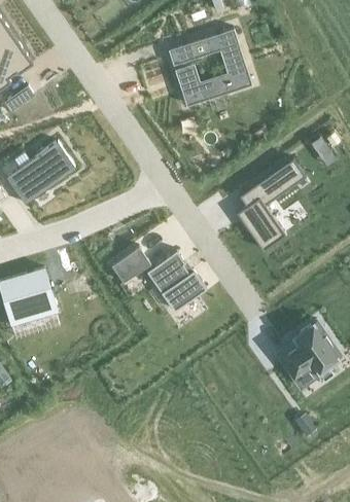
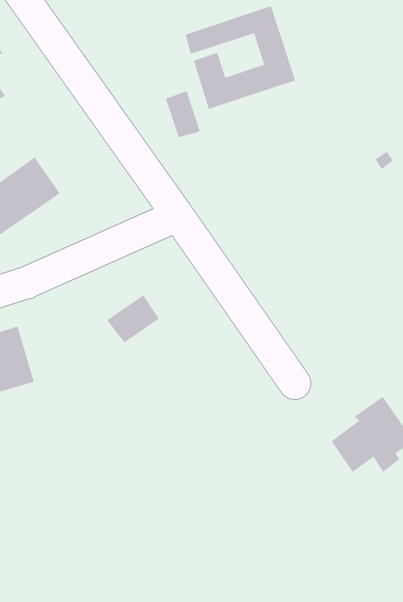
building: none -> [165,90,201,138]
building: [237,158,306,252] -> none
building: [146,251,206,312] -> none

